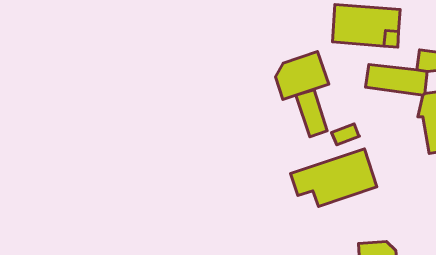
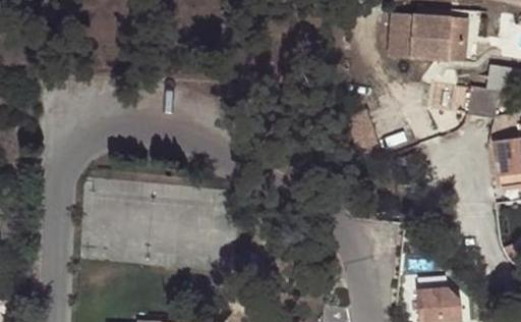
building: [276,52,329,99] -> none
building: [290,149,377,207] -> none

